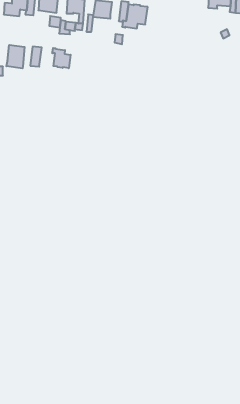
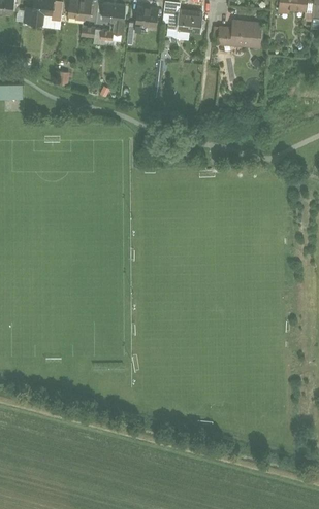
building: none -> [212,16,261,46]
building: [6,45,25,68] -> none
building: [52,48,71,68] -> none

